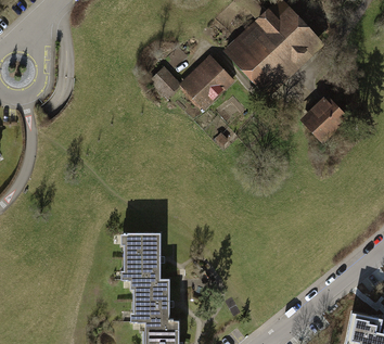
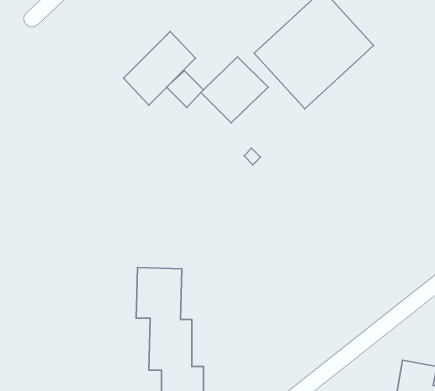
building: none -> [123,32,196,105]
building: [299,92,350,143] -> none

